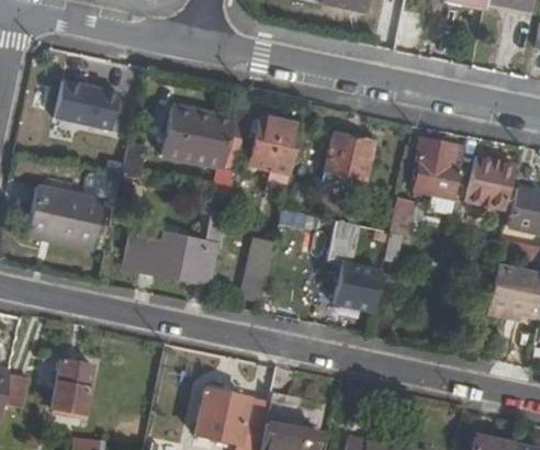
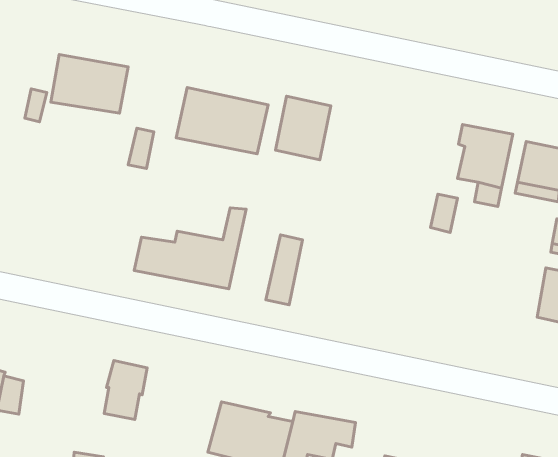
building: [326,132,372,176] -> none
building: [27,185,98,247] -> none
building: [328,221,382,316] -> none
building: [53,357,91,409] -> [104,361,147,419]

